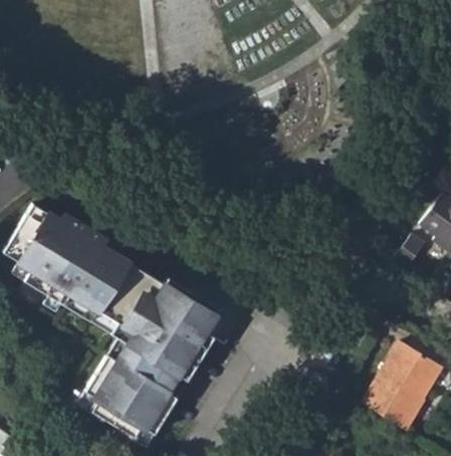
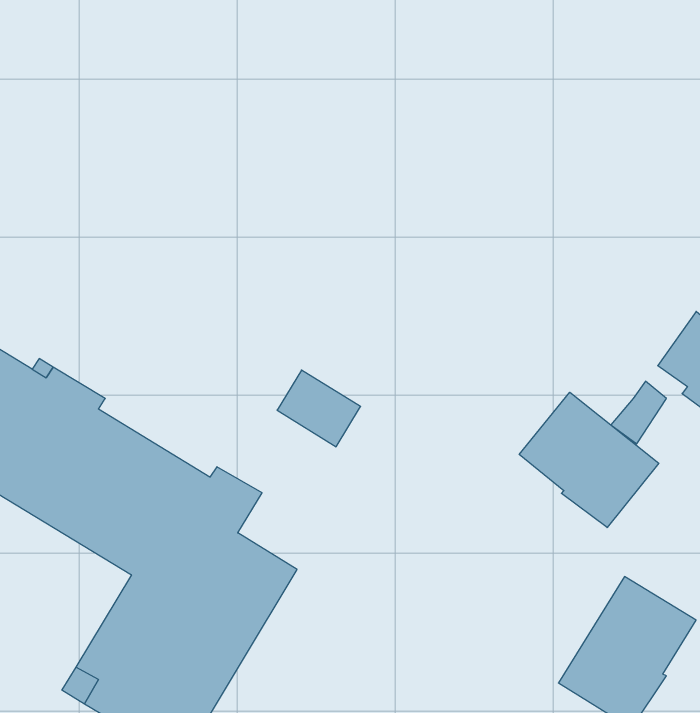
building: none -> [519,392,659,528]
building: [178,294,226,338] -> [277,370,361,447]

